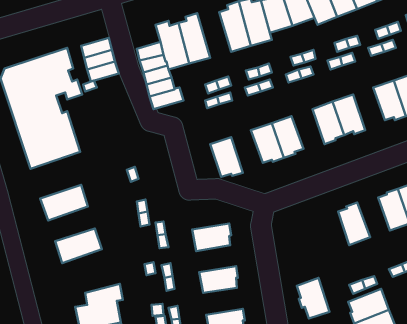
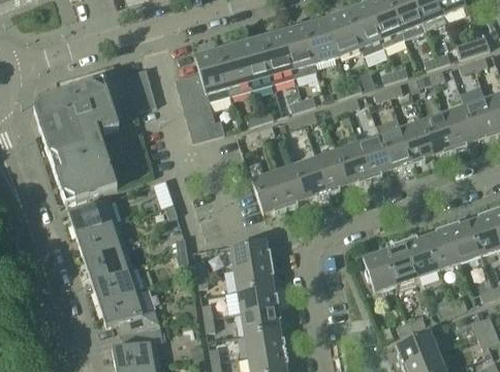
building: none -> [239,38,274,88]
building: none -> [401,119,434,163]
building: none -> [337,142,371,183]
building: none -> [274,163,307,208]
building: none -> [68,197,118,235]
building: none -> [405,234,439,275]
building: none -> [230,238,272,267]
building: none -> [84,243,132,279]
building: none -> [238,283,279,311]
building: none -> [98,287,158,333]
building: [297,278,330,319] -> [363,248,397,290]
building: none -> [245,328,286,355]

